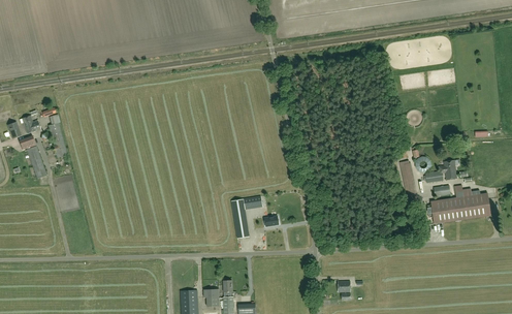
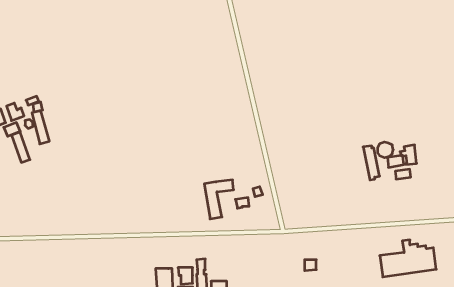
building: [430,184,490,223] -> [380,240,436,277]

